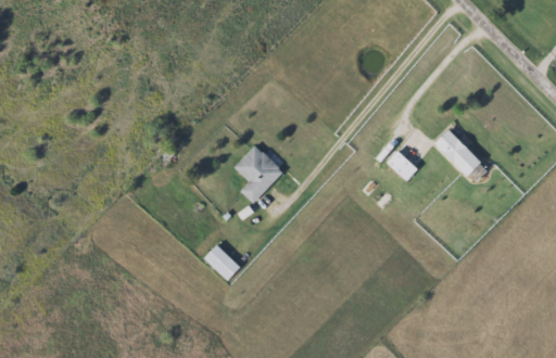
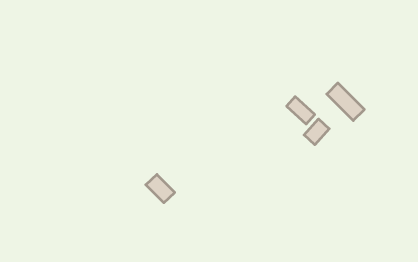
building: [235,145,283,204] -> none
building: none -> [304,119,329,145]

